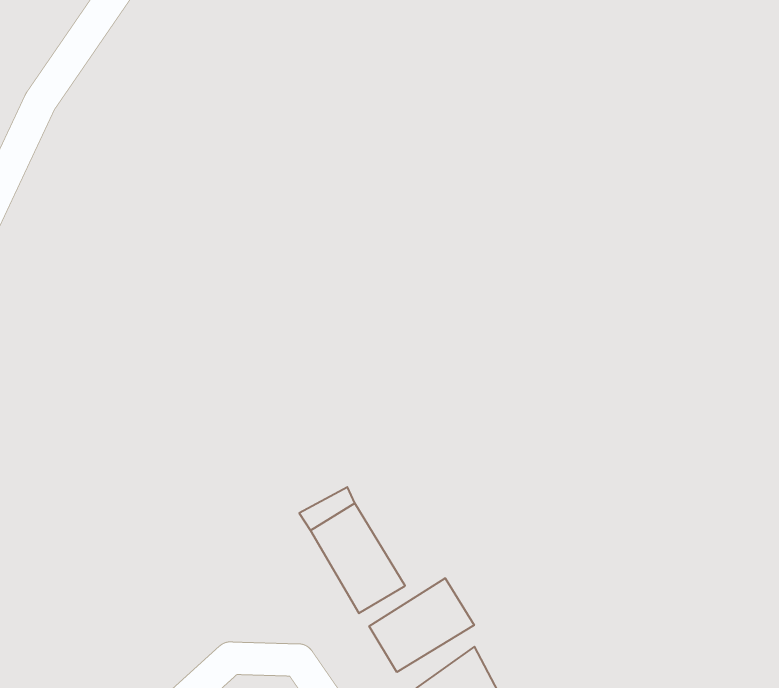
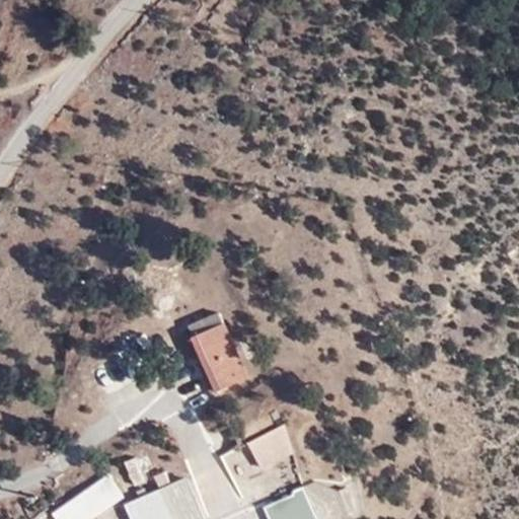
building: [369,578,474,672] -> none

